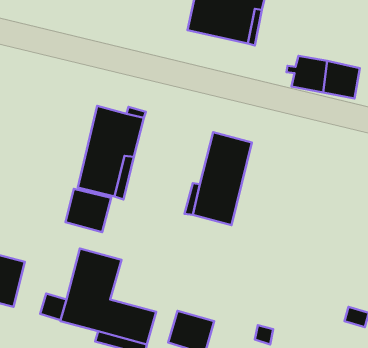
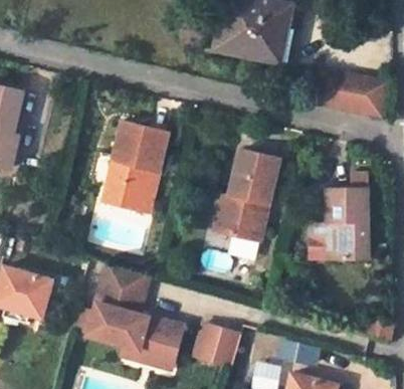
building: none -> [310,176,368,261]
building: [65,189,111,232] -> none

